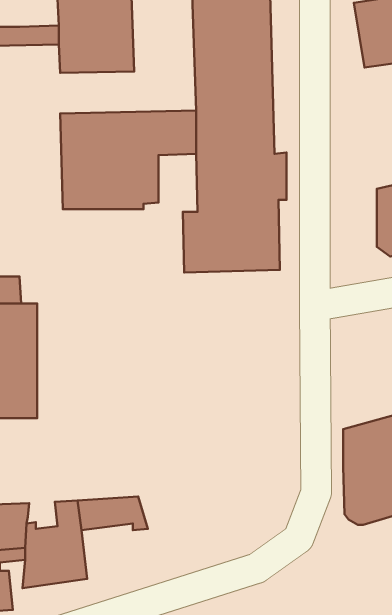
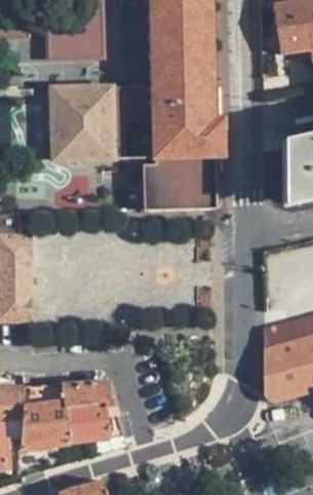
building: none -> [65,401,110,443]

